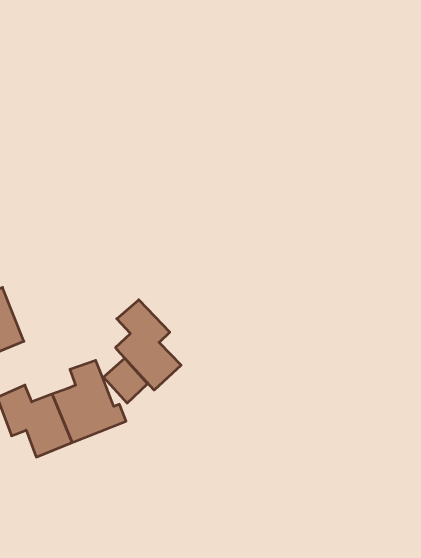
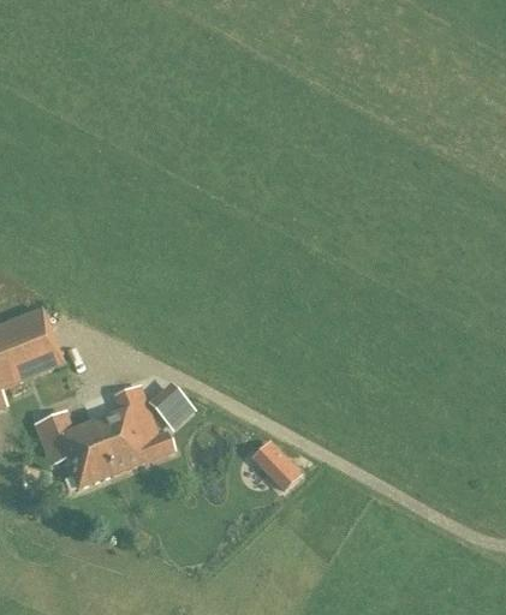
building: [116,300,181,390] -> none
building: none -> [252,441,300,490]

